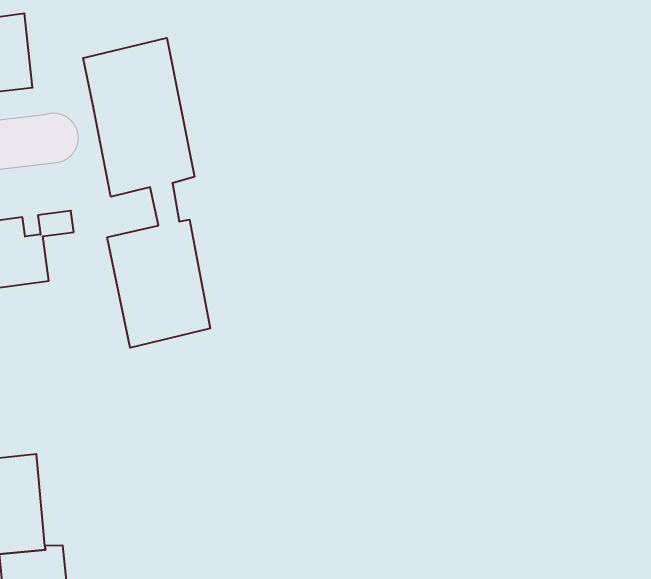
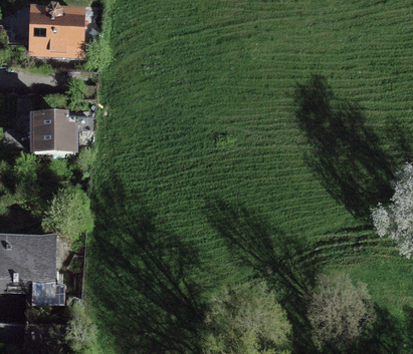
building: [83,38,210,348] -> none

